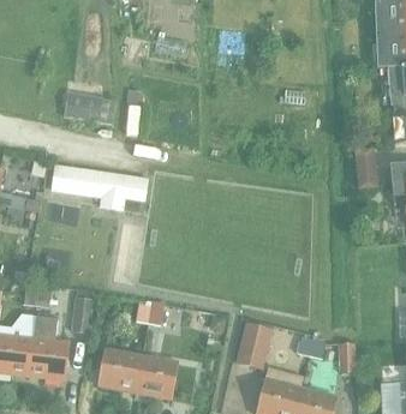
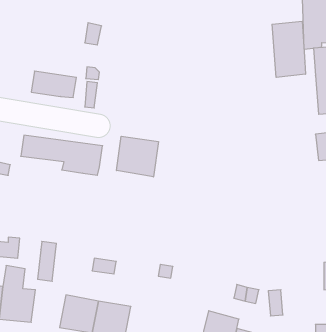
building: none -> [272,21,305,77]
building: none -> [117,136,158,177]
building: [235,324,271,368] -> none

